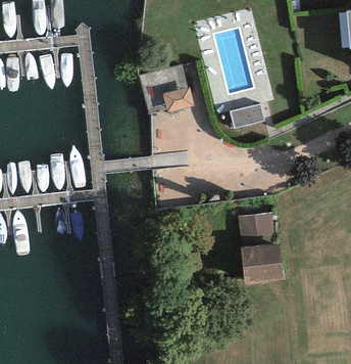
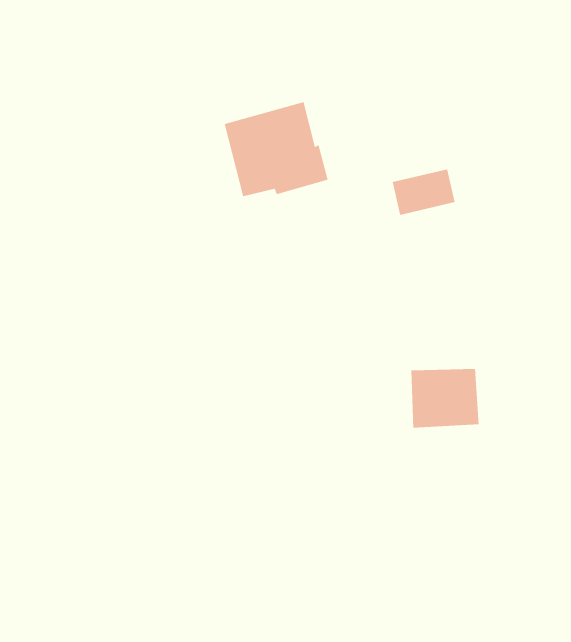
building: [241,241,283,281] -> none

